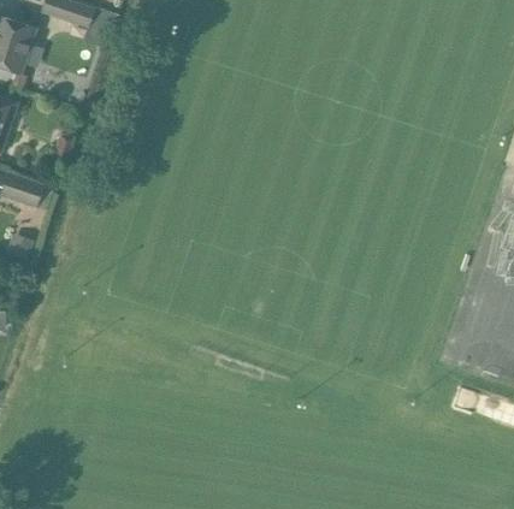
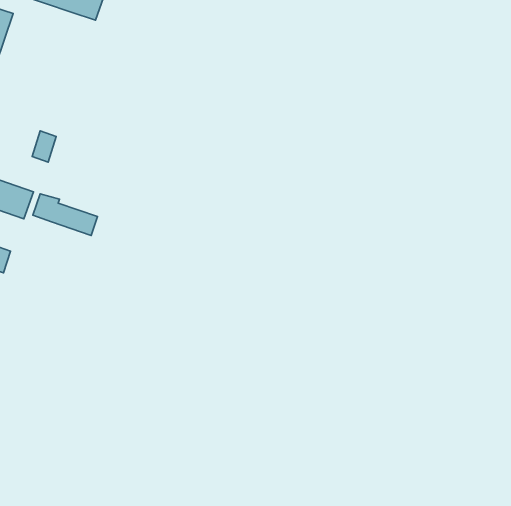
building: none -> [33,194,98,235]

